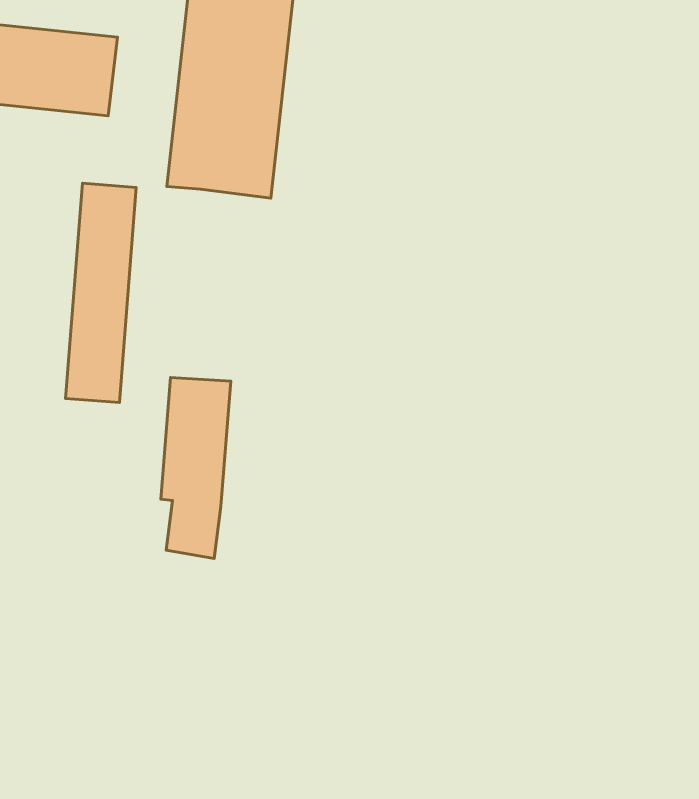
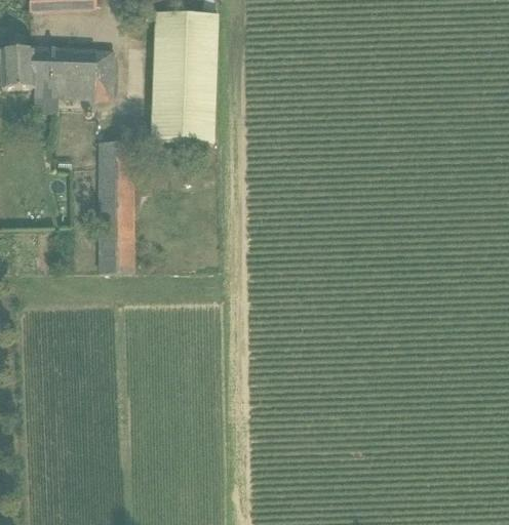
building: [161,378,231,559] -> none

